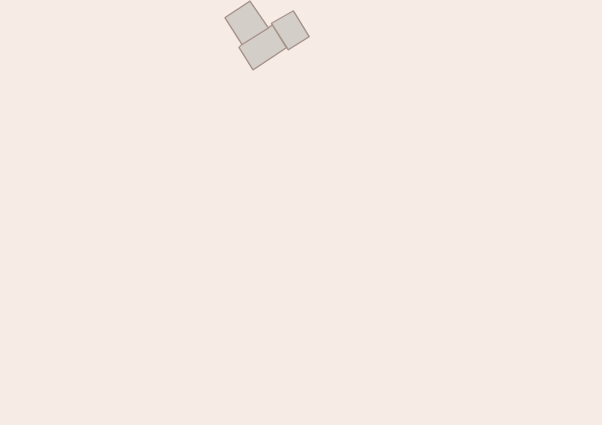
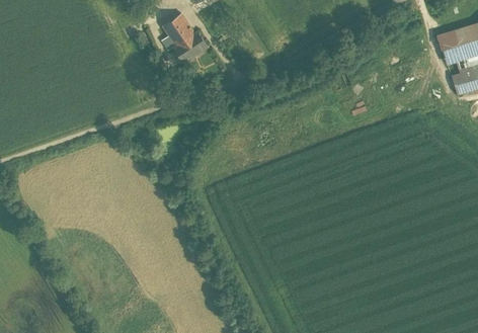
building: [272,11,309,50] -> none

